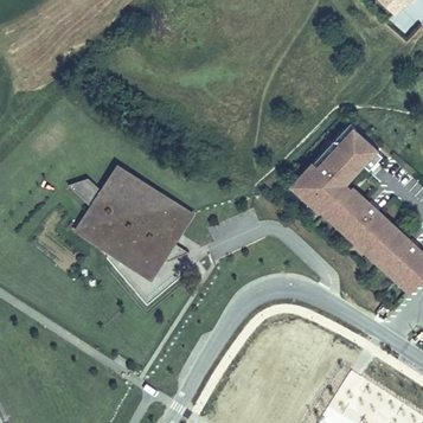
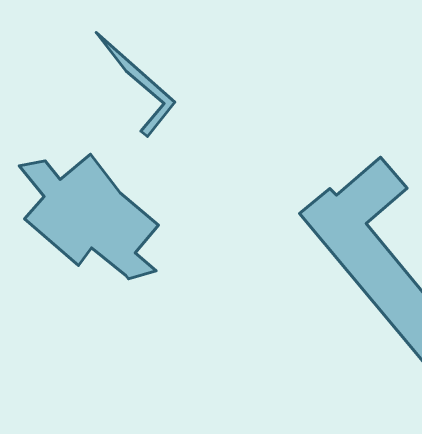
building: [122,167,193,244] -> [96,32,175,137]
building: [72,226,165,281] -> none

